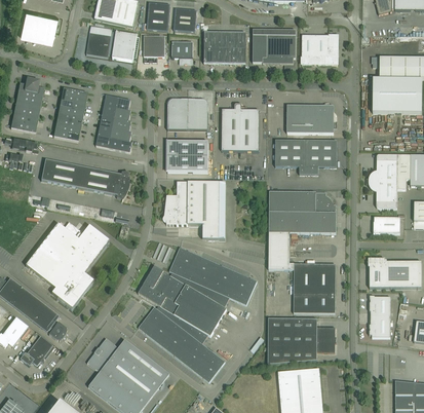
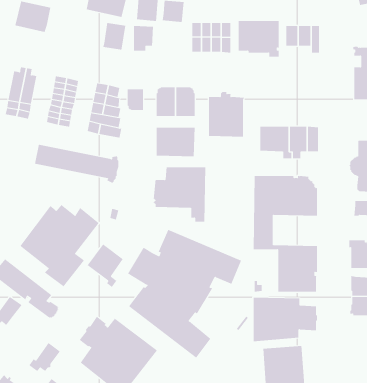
building: [86,26,116,57] -> none
building: [171,41,193,63] -> none
building: none -> [127,88,144,111]
building: [286,102,337,133] -> none
building: none -> [87,243,124,288]
building: [20,335,52,366] -> [29,342,60,372]

